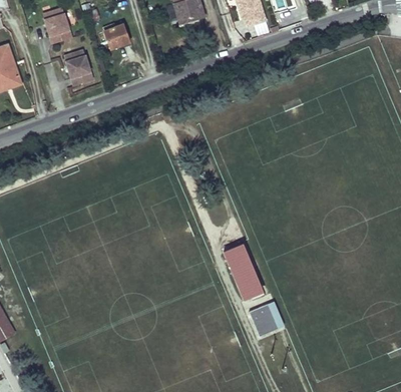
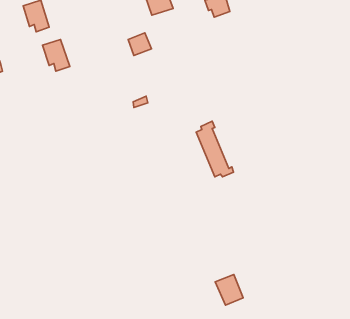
building: [104,24,129,48] -> [128,33,152,55]
building: [225,240,265,300] -> [196,121,234,177]

